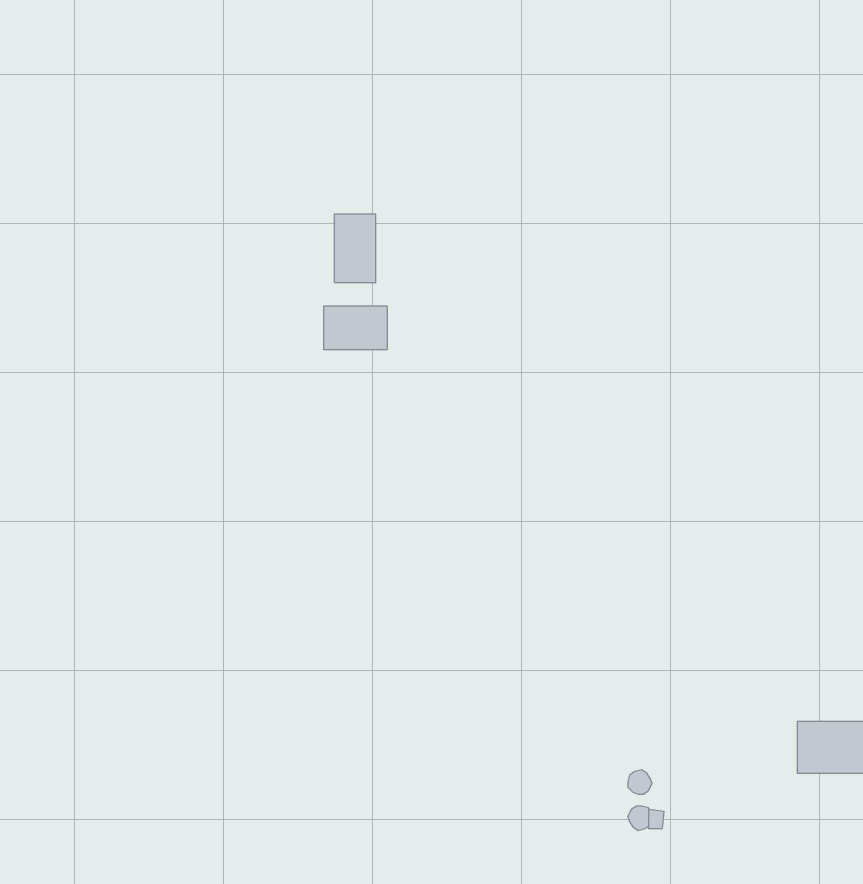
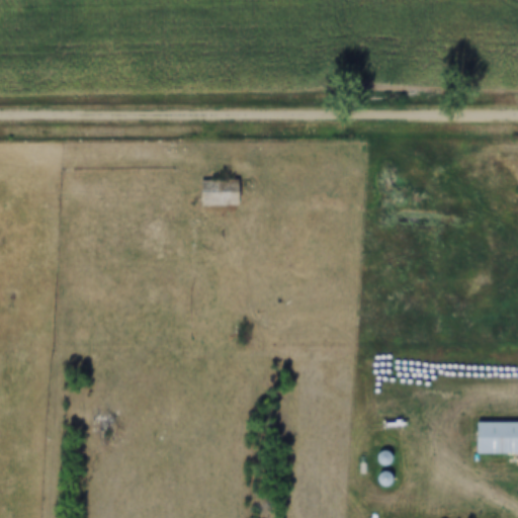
building: [335,214,376,283] -> none

